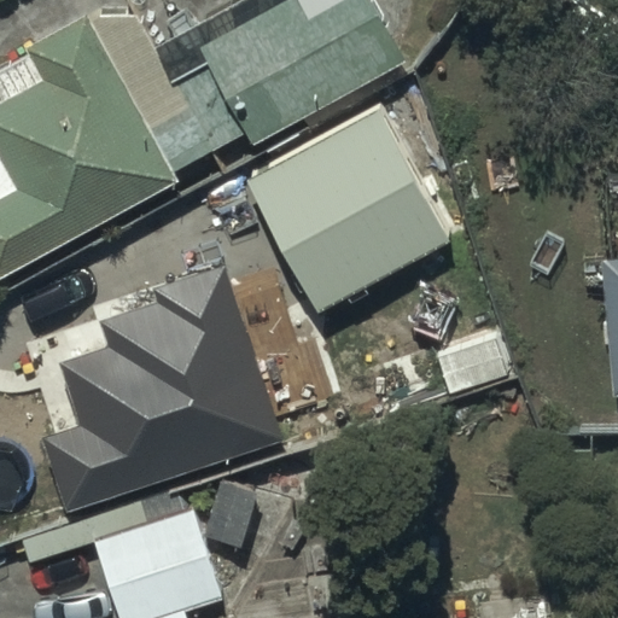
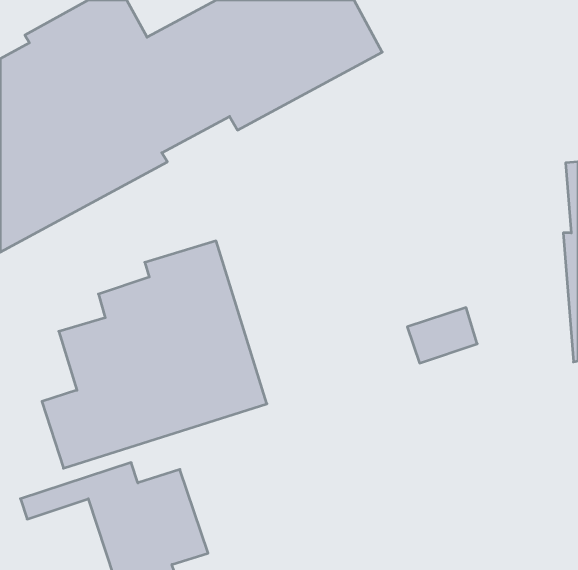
building: [249,110,451,309] -> none

